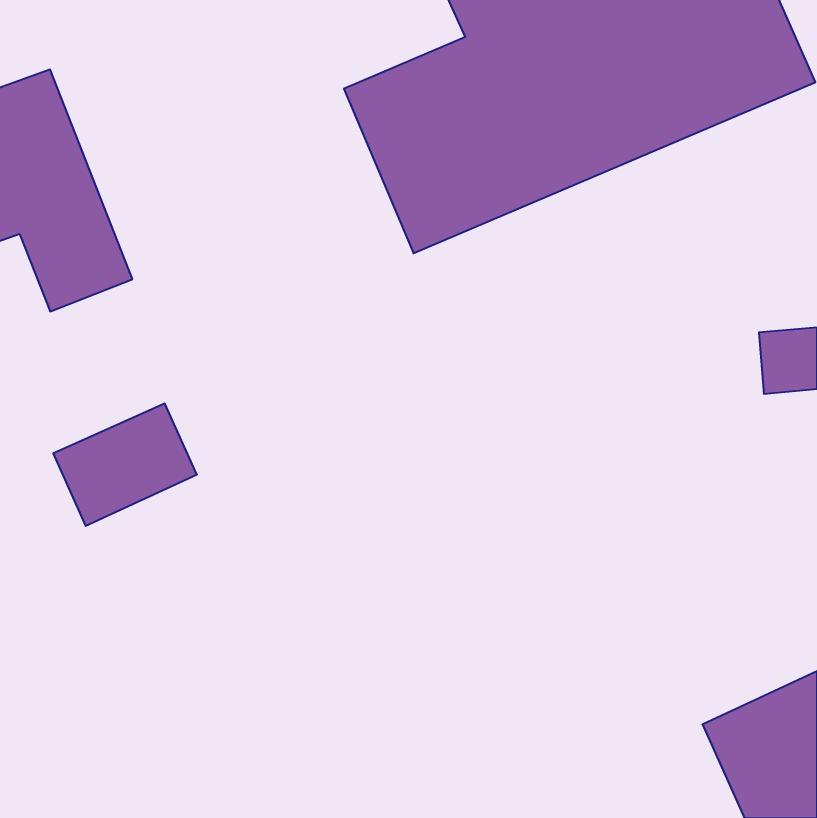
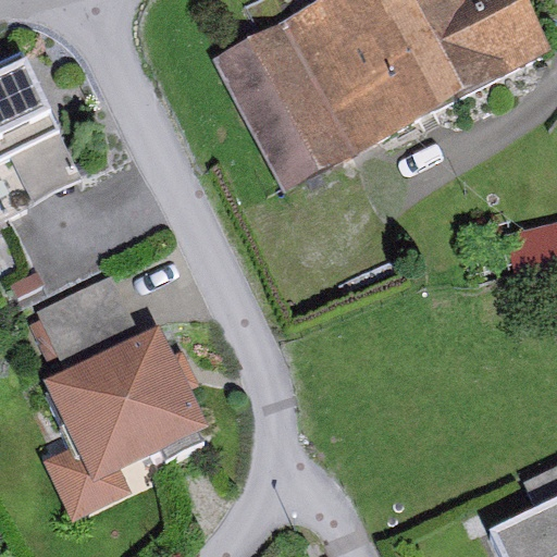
building: none -> [37,331,208,528]

